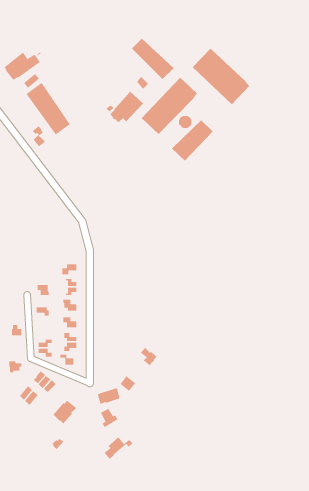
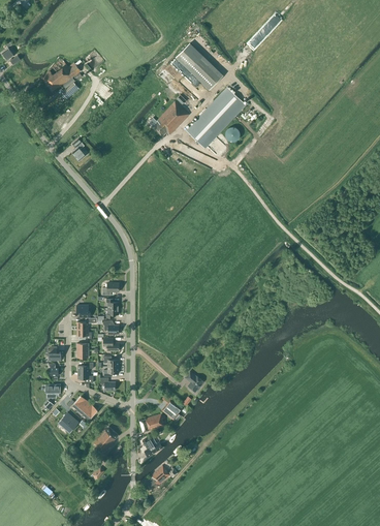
building: [192,48,250,105] -> none
building: [25,82,71,135] -> none
building: [171,119,214,162] -> none

